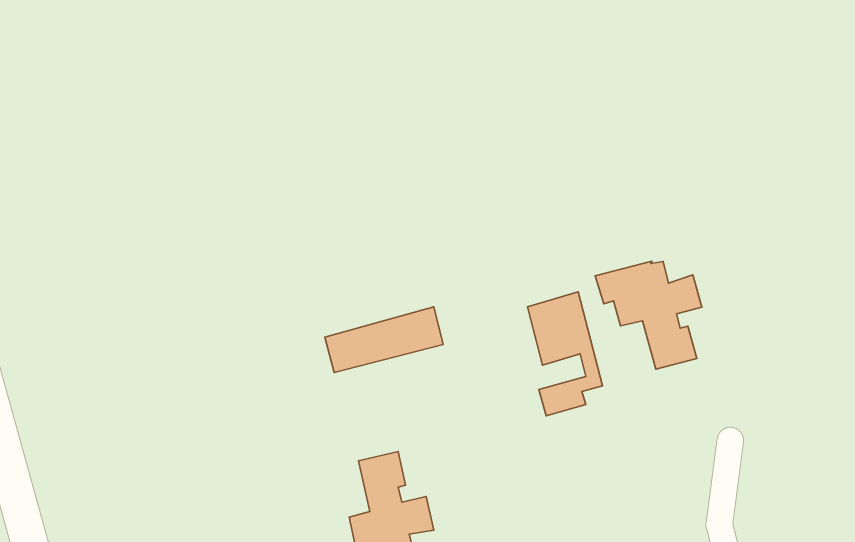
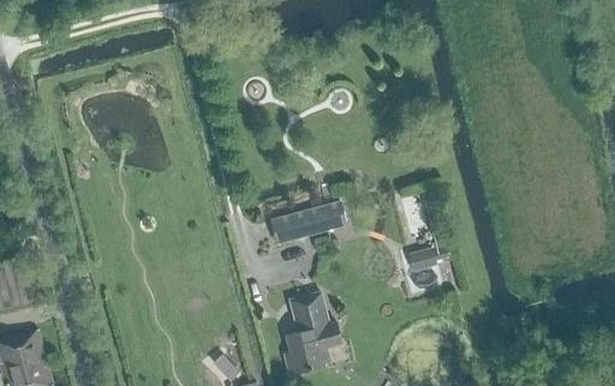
building: [595,261,702,369] -> none

